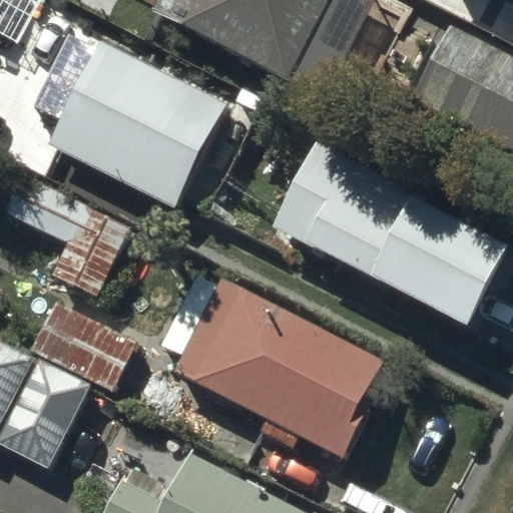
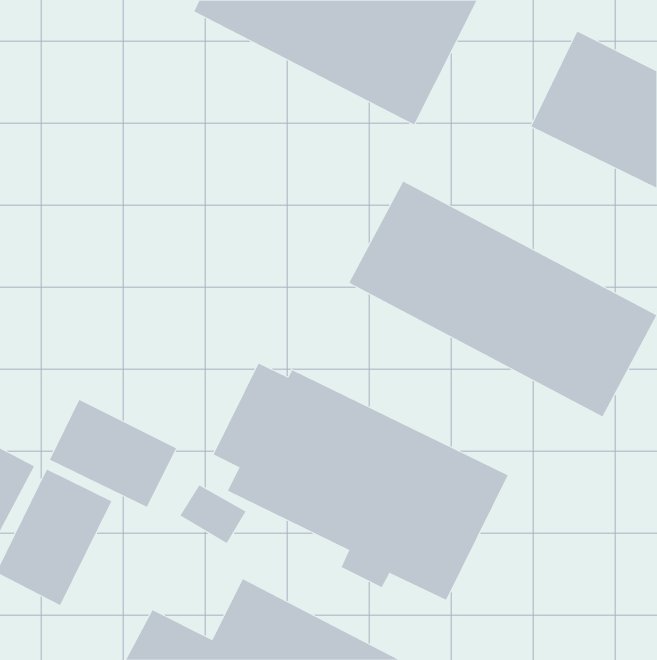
building: [48,40,223,202] -> none
building: [11,182,138,304] -> none

